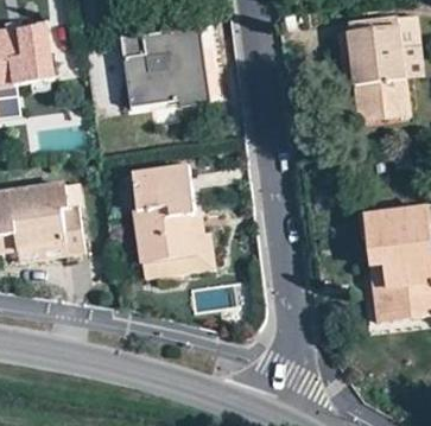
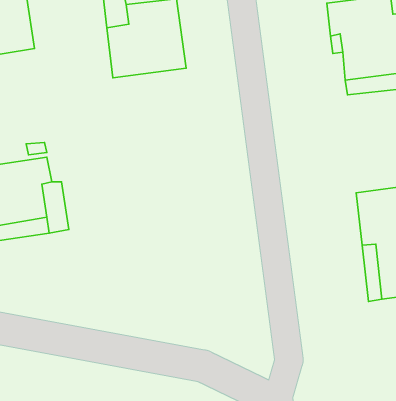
building: [132,165,208,262] -> none

